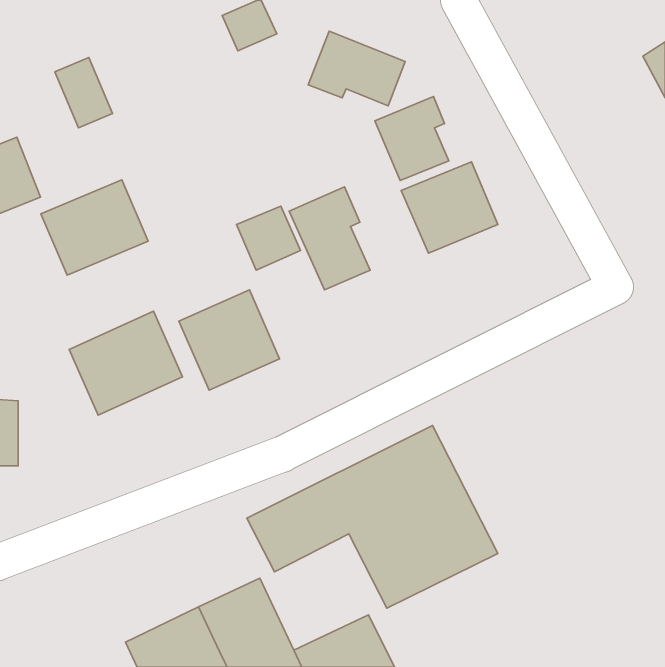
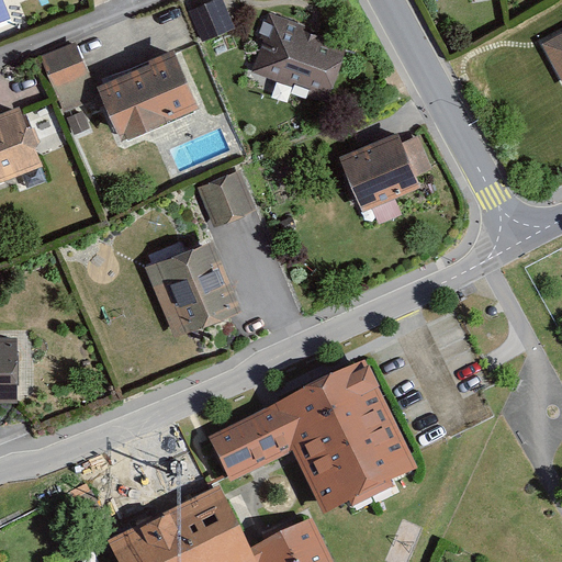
building: [375,97,449,181] -> none
building: [41,180,148,275] -> [105,52,195,132]
building: [289,187,370,290] -> none
building: [69,311,183,415] -> none

